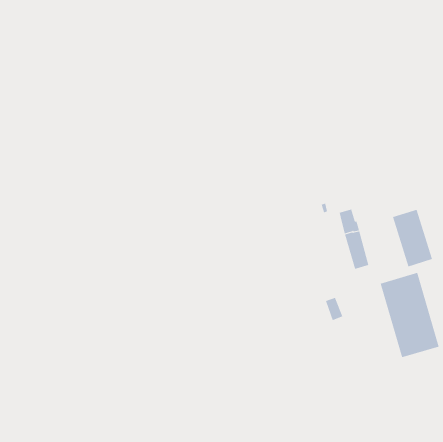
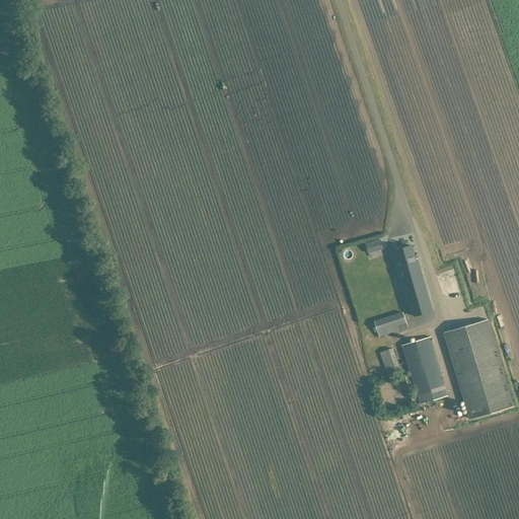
building: [392,209,433,267] -> [401,336,449,403]
building: none -> [374,310,409,337]

